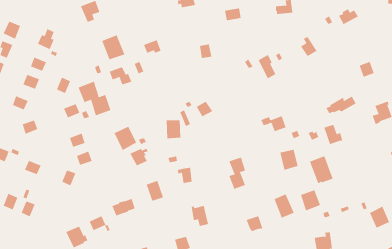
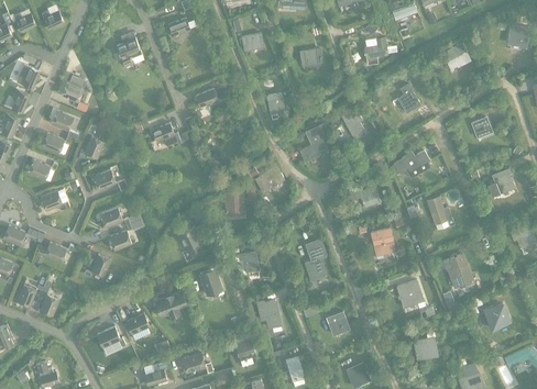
building: [102,34,125,60] -> none
building: none -> [298,123,328,162]
building: [78,81,111,116] -> none
building: [326,96,357,114] -> [388,151,428,174]
building: [114,126,137,151] -> none
building: [309,156,333,184] -> [442,253,473,289]
building: [274,194,295,218] -> none

